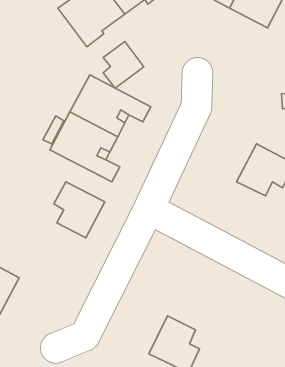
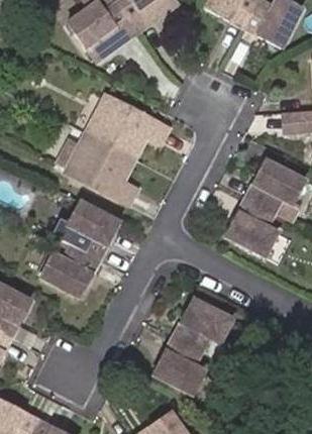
building: [103,42,144,88] -> none
building: none -> [230,202,282,259]
building: none -> [37,243,97,297]
building: none -> [180,299,238,351]

